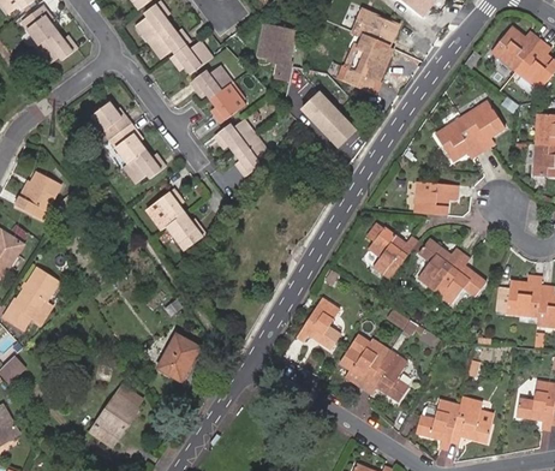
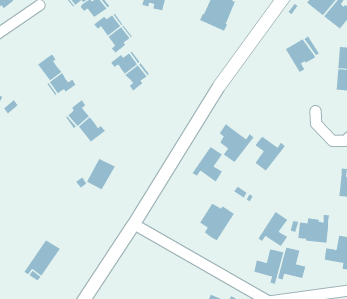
building: [299,91,357,150] -> none
building: [91,101,131,138] -> none
building: [434,117,481,161] -> none
building: [414,181,455,215] -> none
building: [434,254,485,303] -> none
building: [495,275,541,316] -> [297,214,330,243]
building: [296,298,340,350] -> [192,146,223,183]
building: [157,334,199,380] -> [86,158,116,190]
building: [364,350,407,400] -> [257,211,288,247]

